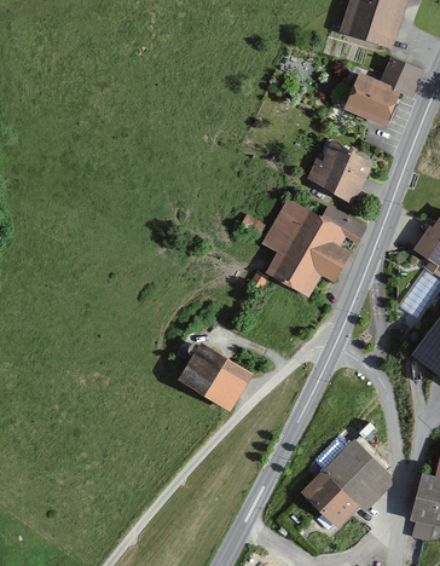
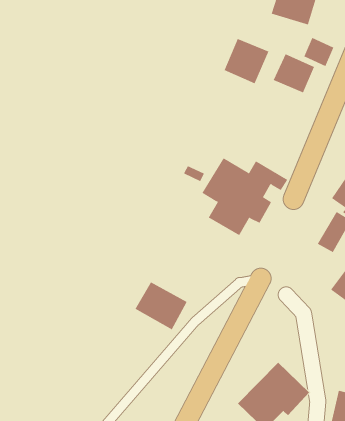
building: none -> [224,38,269,84]
building: [317,144,367,197] -> none

